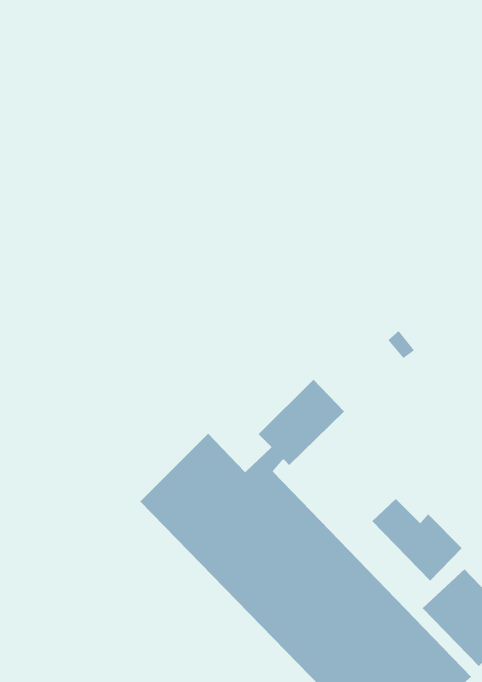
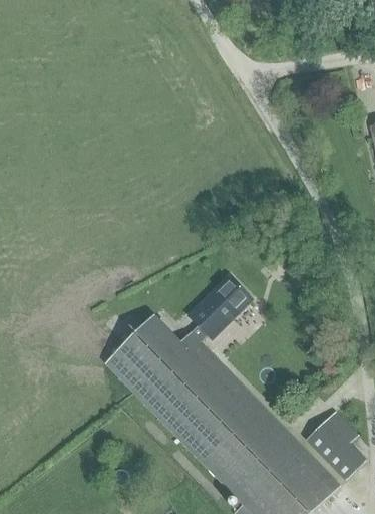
building: [371,498,463,582] -> none

